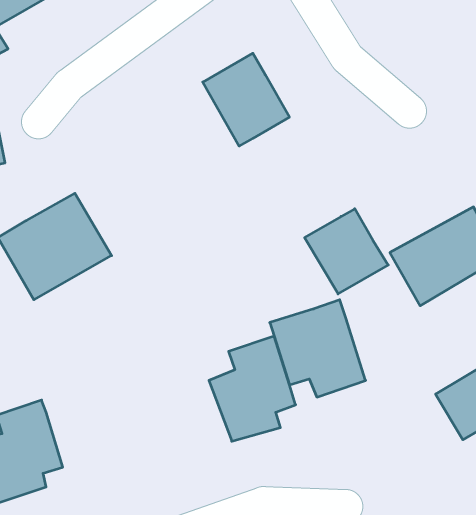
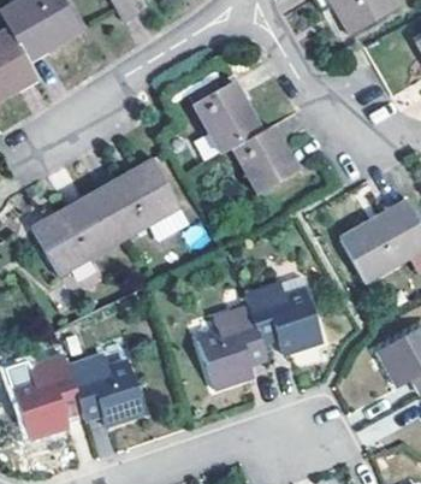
building: none -> [91,158,180,241]
building: [305,209,388,294] -> [232,125,298,193]
building: none -> [69,354,146,425]

